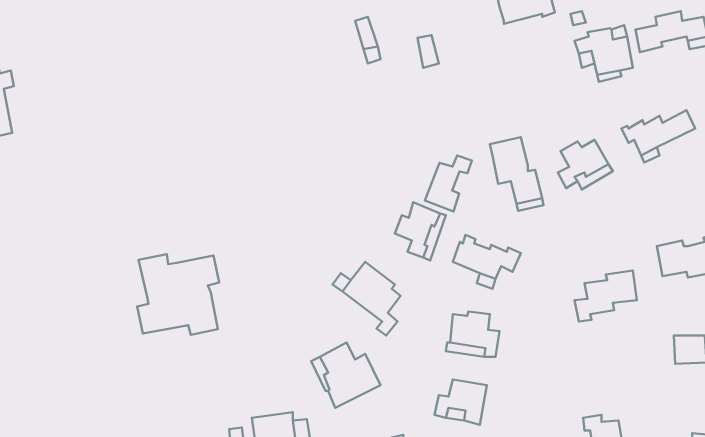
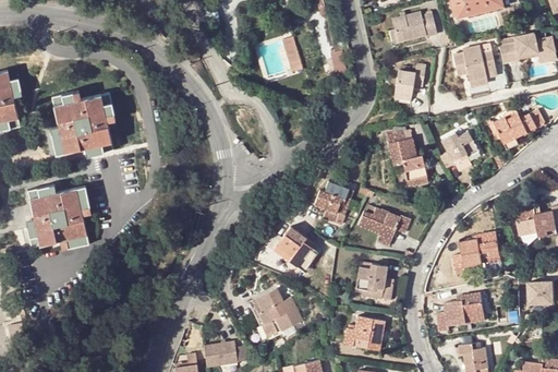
building: none -> [393,63,425,96]
building: none -> [51,93,113,155]
building: [425,156,472,212] -> none
building: [137,254,219,335] -> [26,187,89,249]
building: none -> [437,292,485,333]

